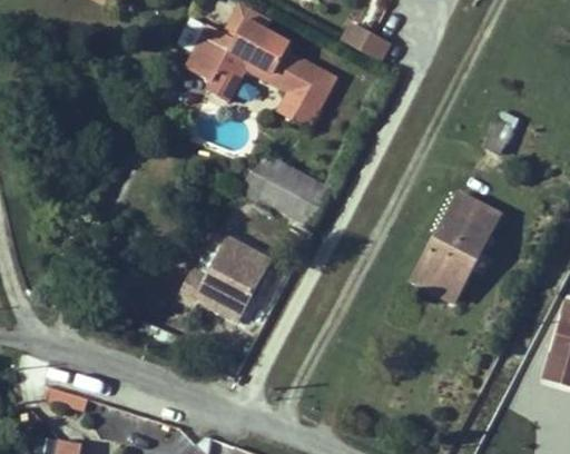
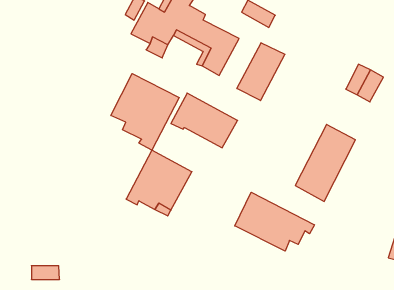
building: none -> [237,43,285,101]
building: none -> [111,74,179,150]
building: none -> [235,192,314,251]

